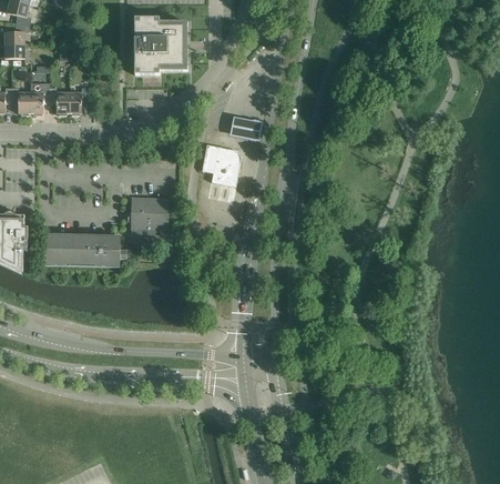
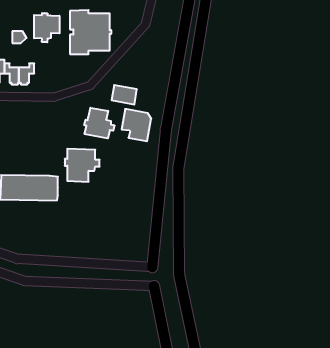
building: none -> [34,13,60,42]
building: [228,118,262,143] -> [112,85,137,105]
building: none -> [84,108,114,138]

